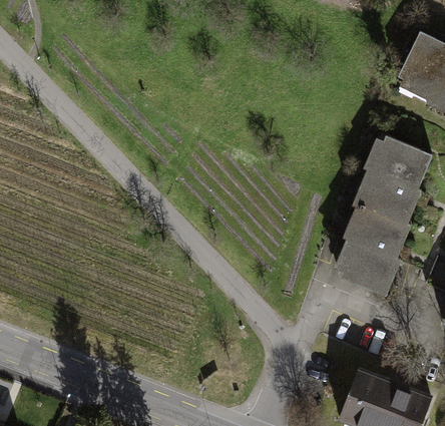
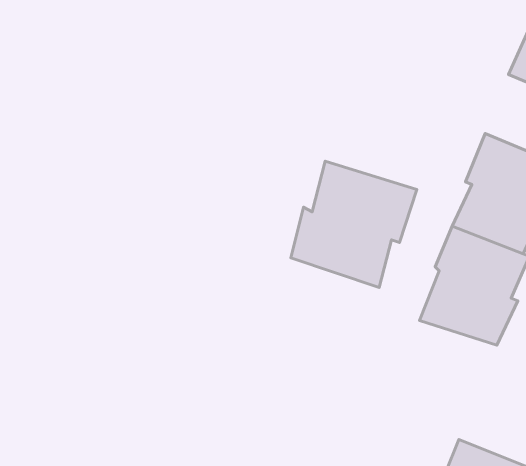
building: none -> [291,161,417,287]

